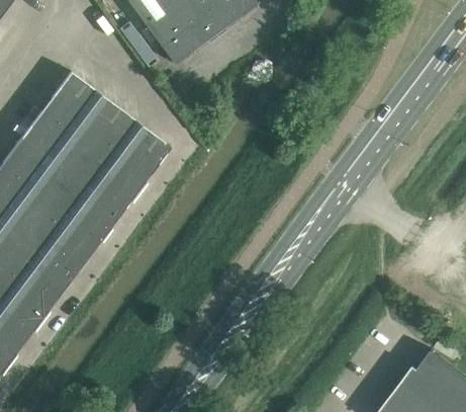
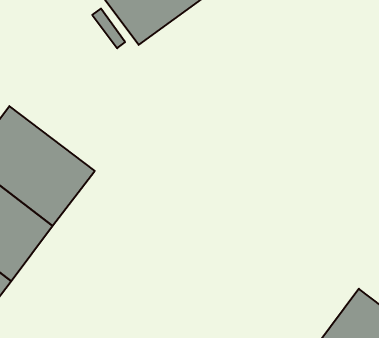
building: [22,72,171,213] -> none

